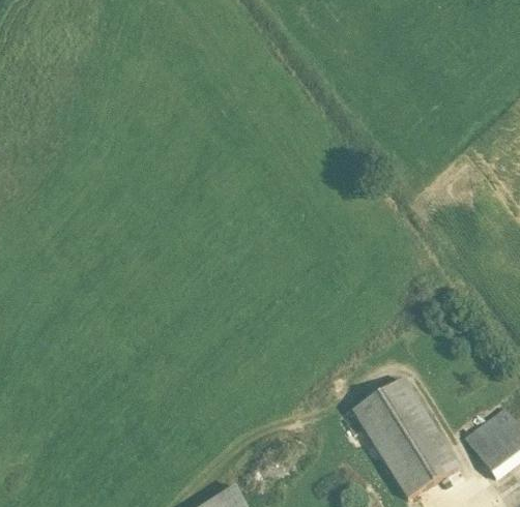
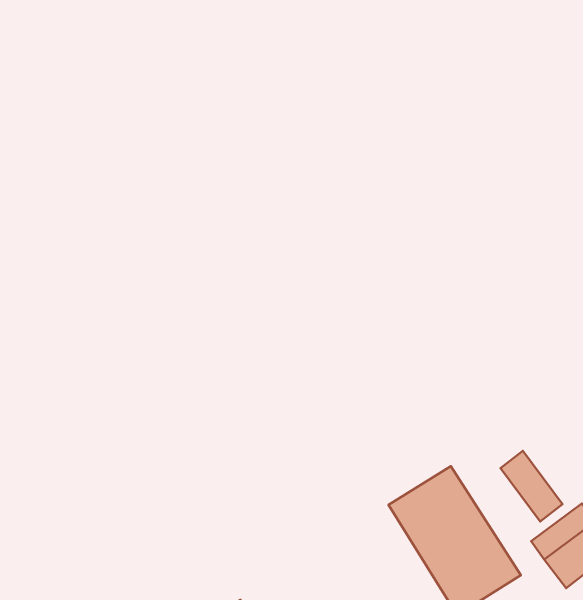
building: none -> [501,451,562,521]

